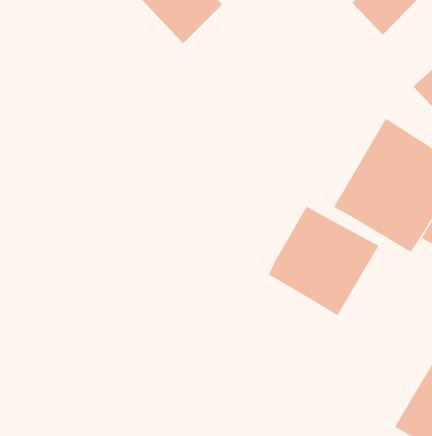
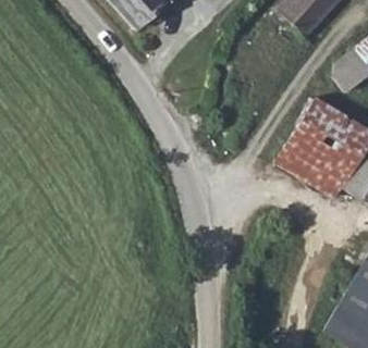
building: [268,206,379,316] -> none

